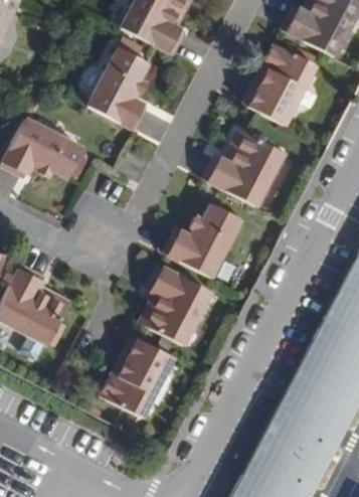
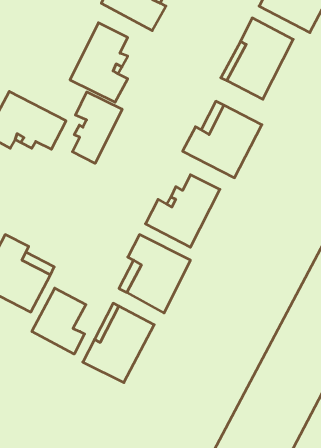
building: none -> [72,92,122,163]
building: none -> [32,288,86,354]

